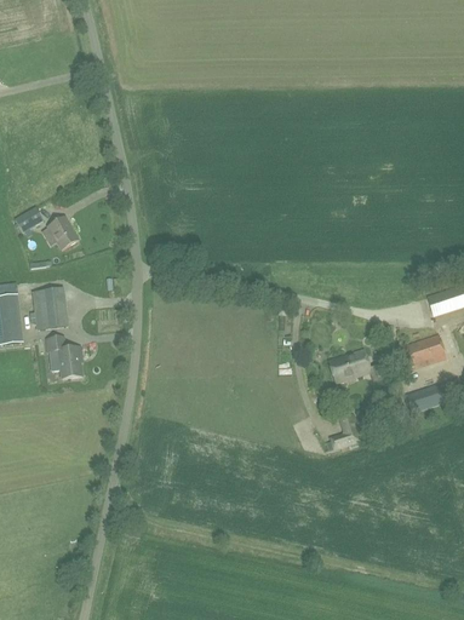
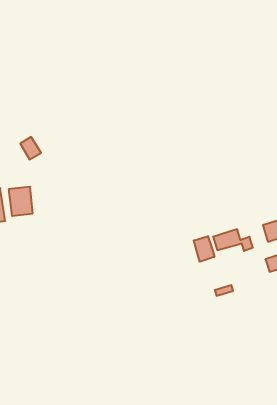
building: [50,338,80,379] -> none
building: none -> [194,236,214,262]

